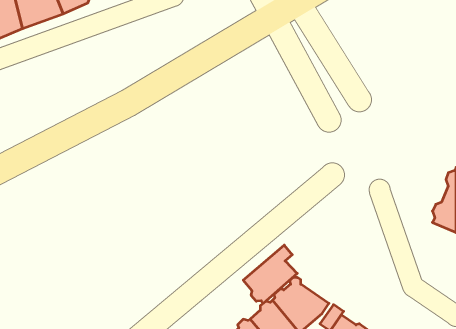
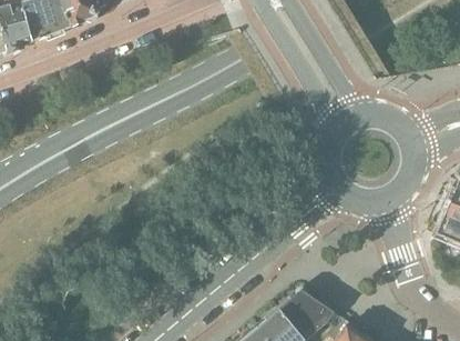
building: [243,245,297,303] -> none

